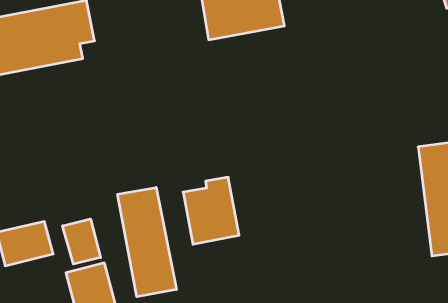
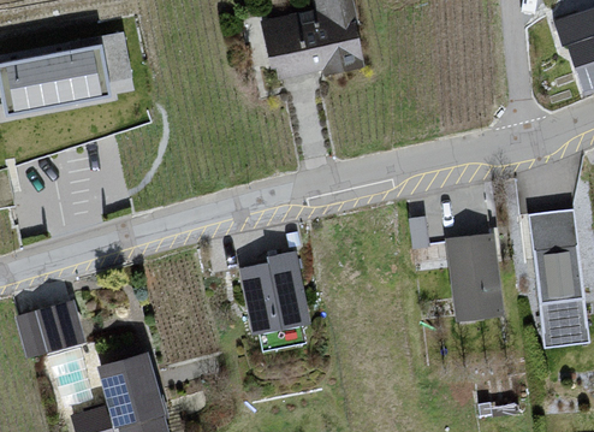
building: none -> [444,231,504,319]
building: [118,187,176,297] -> none
building: [63,219,101,264] -> none

